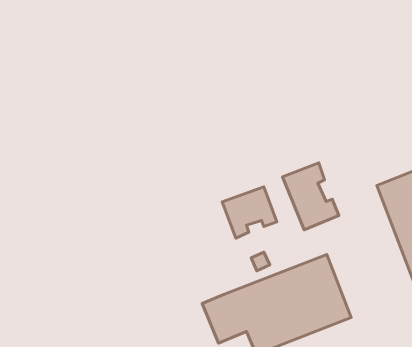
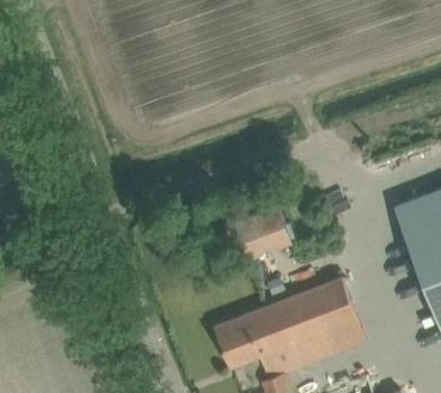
building: [282,163,339,230] -> none

